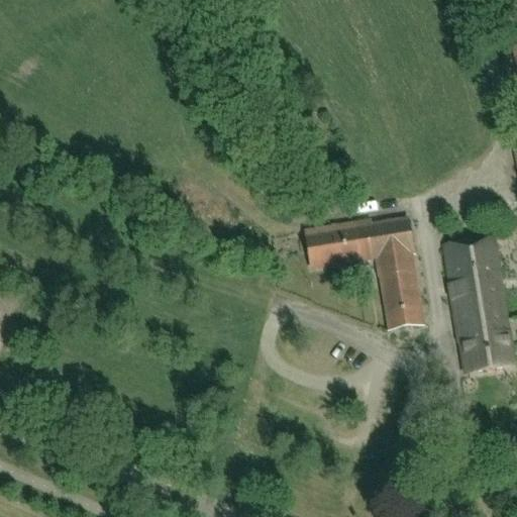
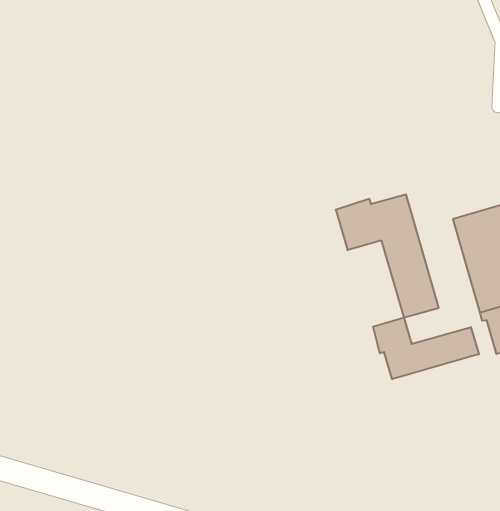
building: [308,224,347,267] -> none
building: none -> [373,318,479,379]

